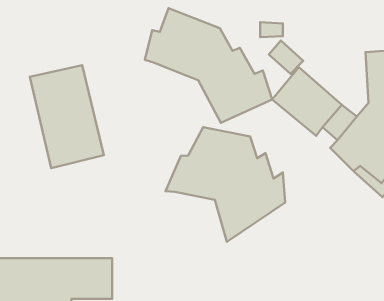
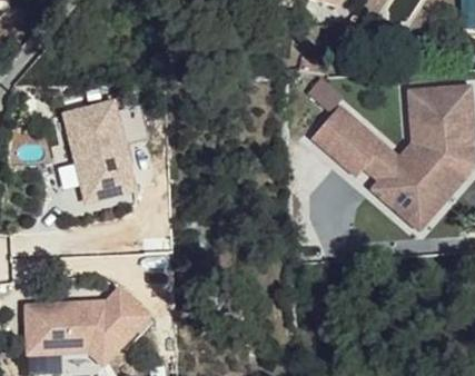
building: [145,8,272,123] -> none
building: [166,127,285,242] -> none

